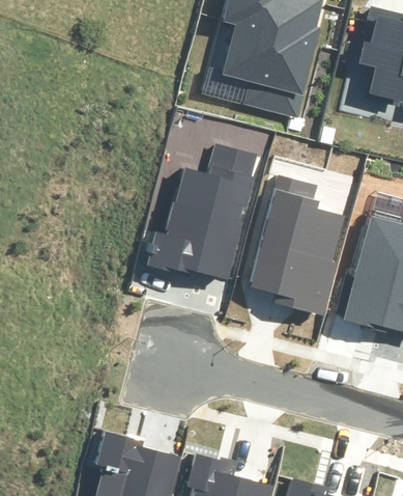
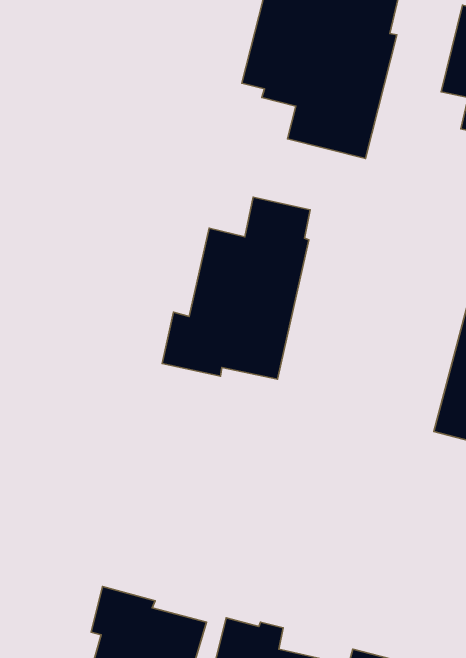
building: [249,177,347,316] -> none

